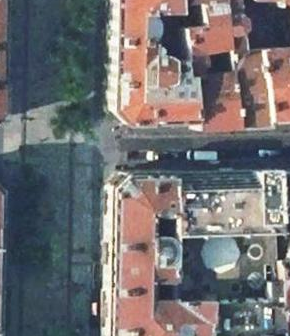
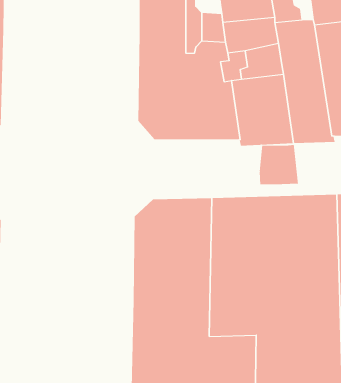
building: none -> [259,144,298,185]

